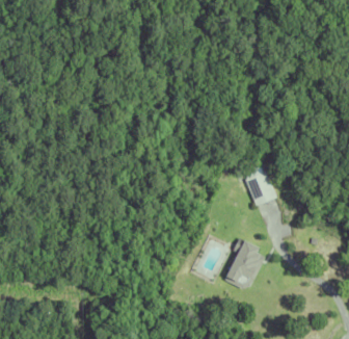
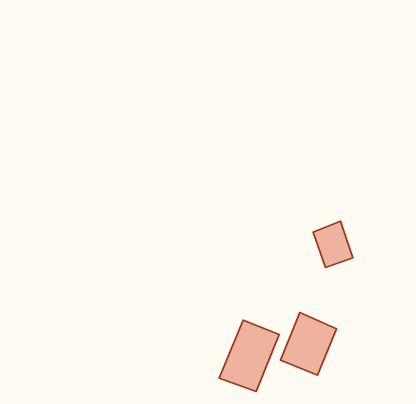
building: none -> [219,320,279,391]

